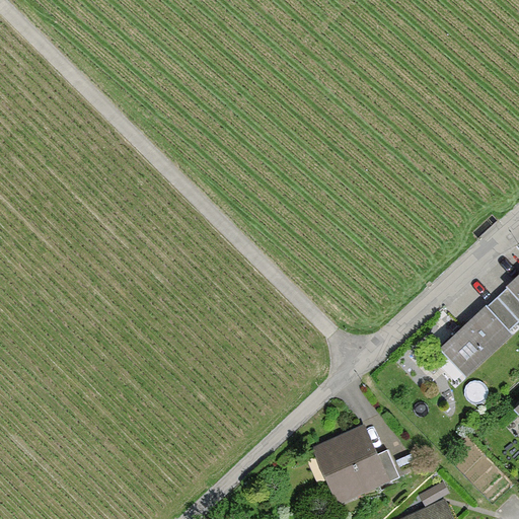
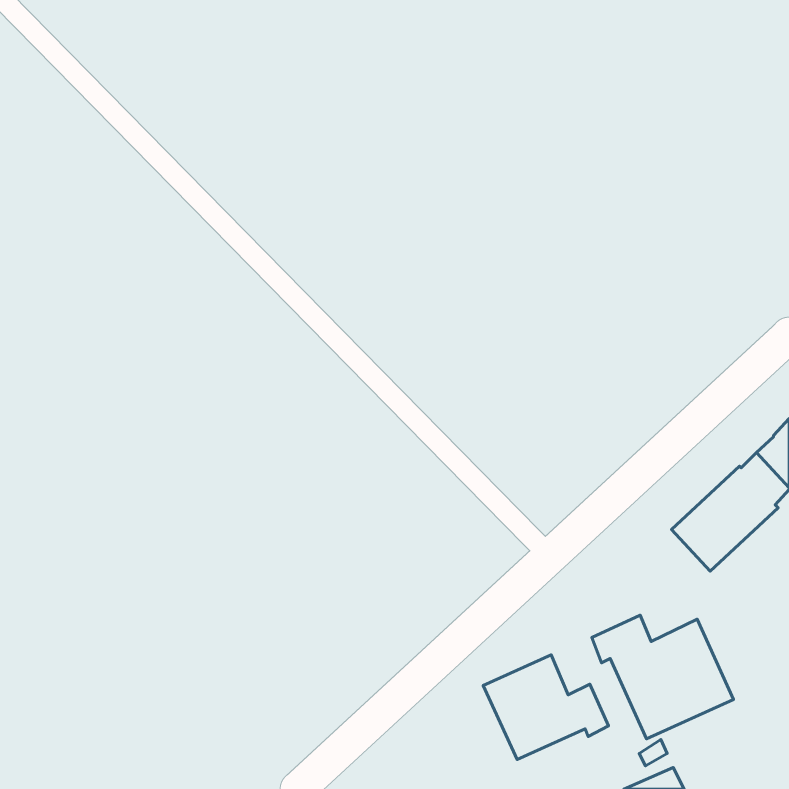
building: none -> [592,615,734,739]

